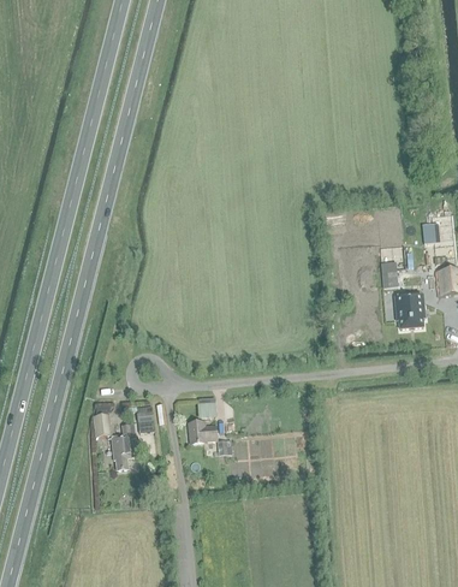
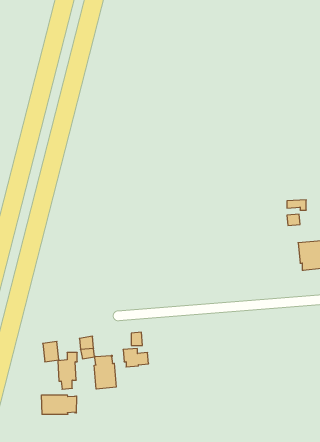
building: none -> [94,355,116,389]
building: none -> [42,395,77,414]

